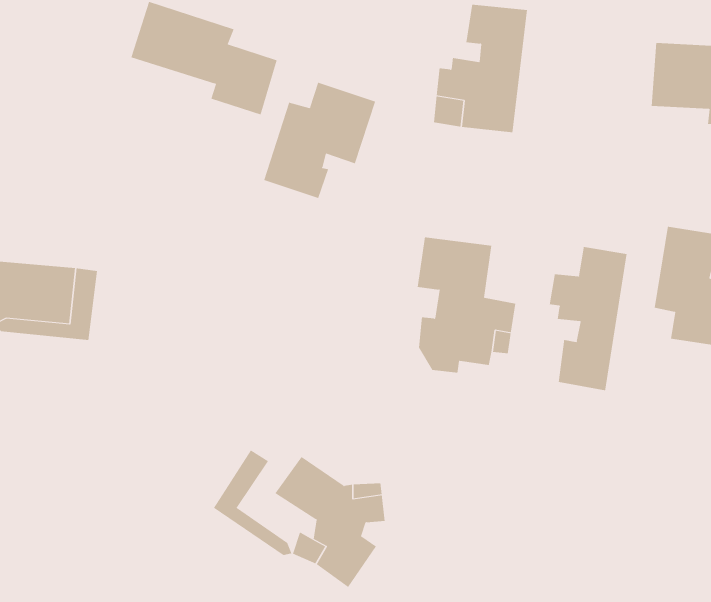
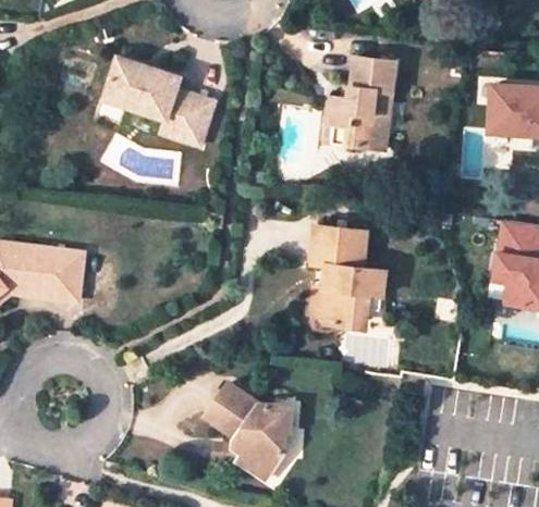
building: [263,82,376,199] -> none
building: [549,246,627,391] -> none
building: [213,450,292,556] -> none

